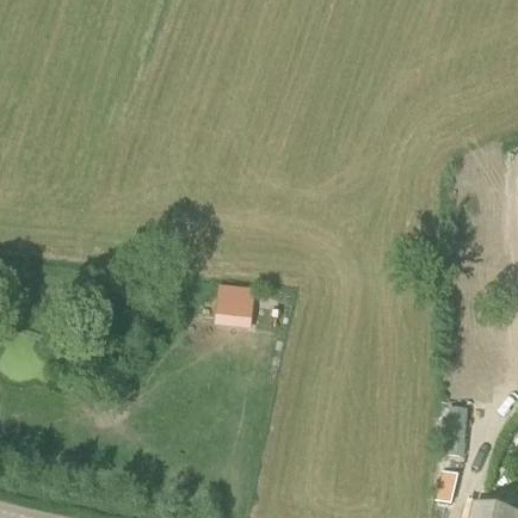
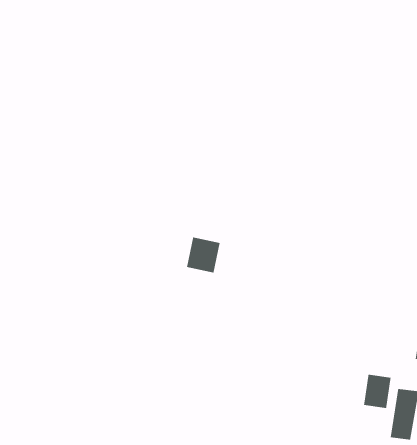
building: none -> [363,374,391,409]

